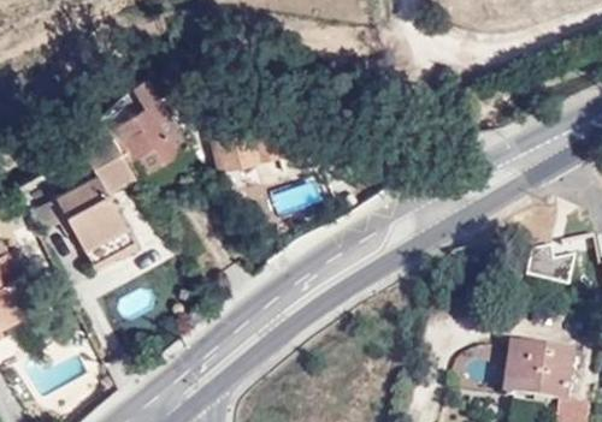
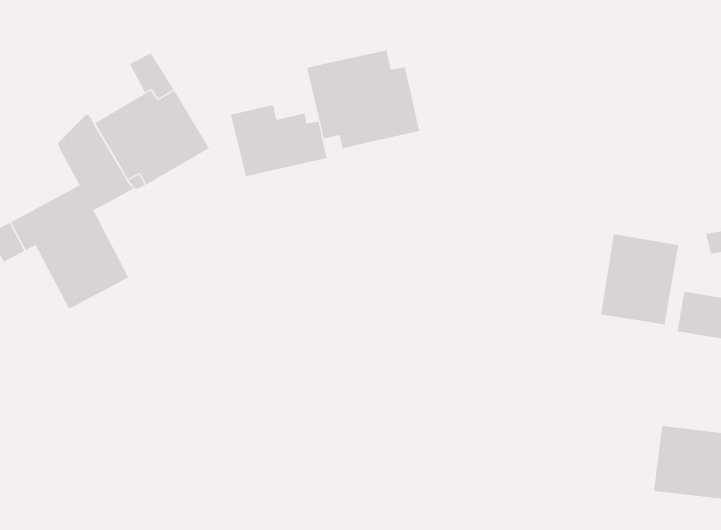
building: none -> [306,50,420,149]
building: none -> [601,234,679,325]

